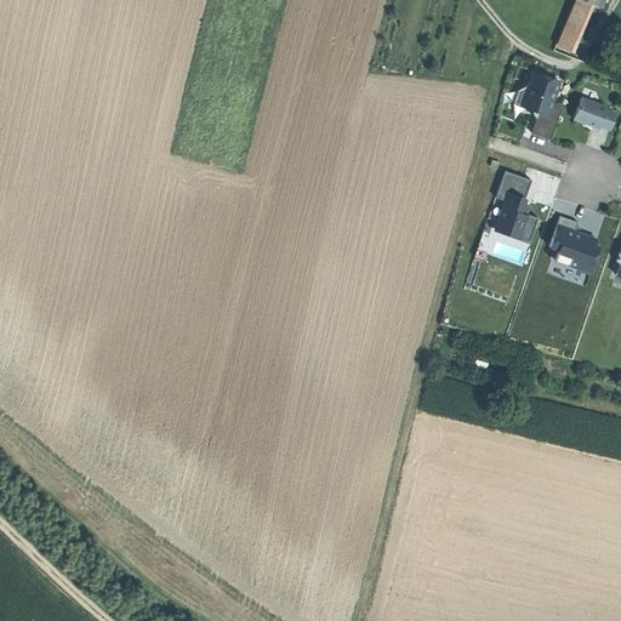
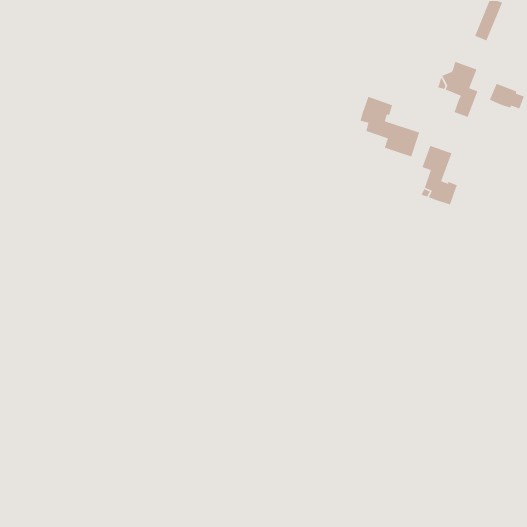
building: none -> [359,96,420,158]
building: [551,217,599,273] -> none

